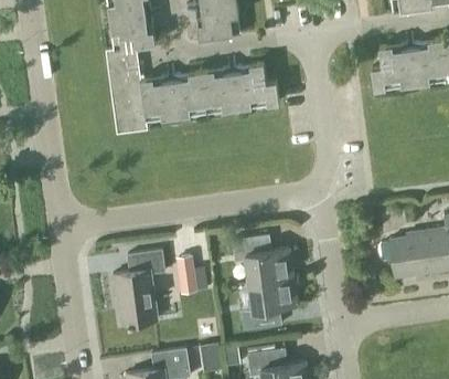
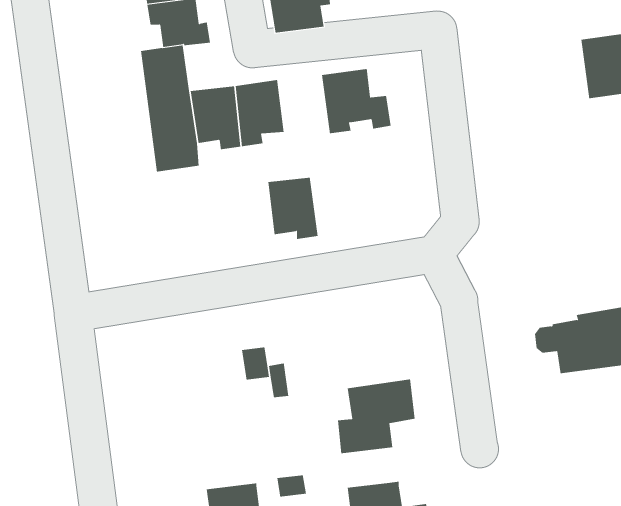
building: [372,44,415,91] -> none
building: [201,69,236,112] -> [267,177,319,239]
building: [232,236,292,285] -> none
building: [111,251,164,326] -> none

